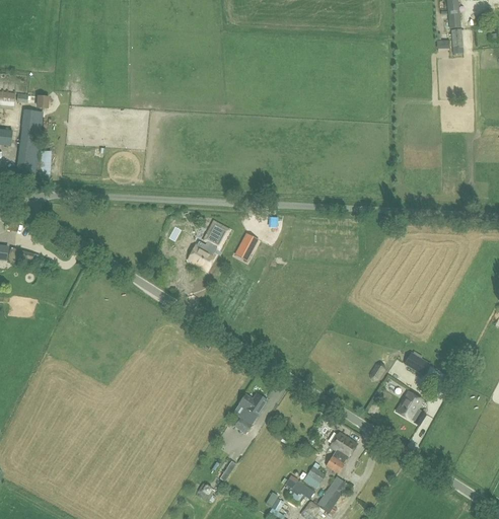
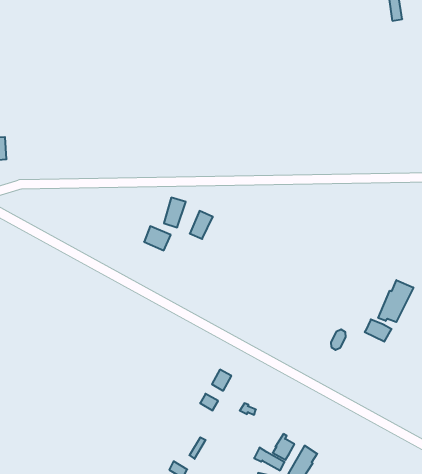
building: none -> [378,280,413,322]
building: [396,389,426,425] -> none
building: [326,431,356,472] -> none

